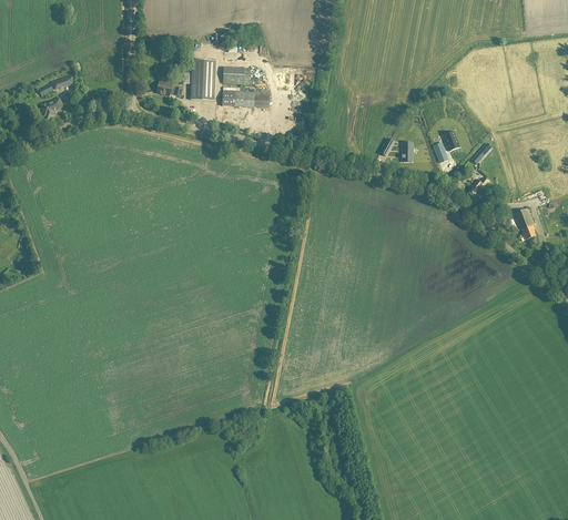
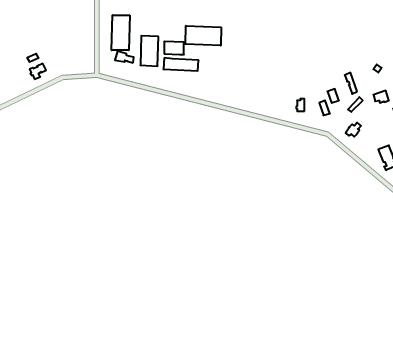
building: none -> [112,15,130,50]
building: none -> [185,26,221,46]

